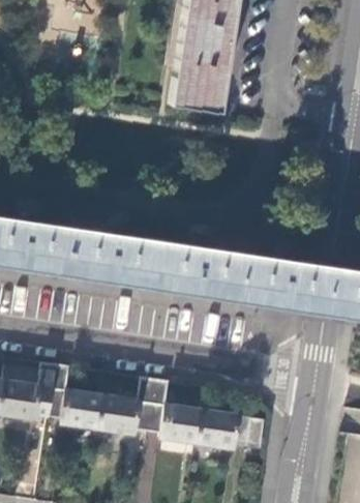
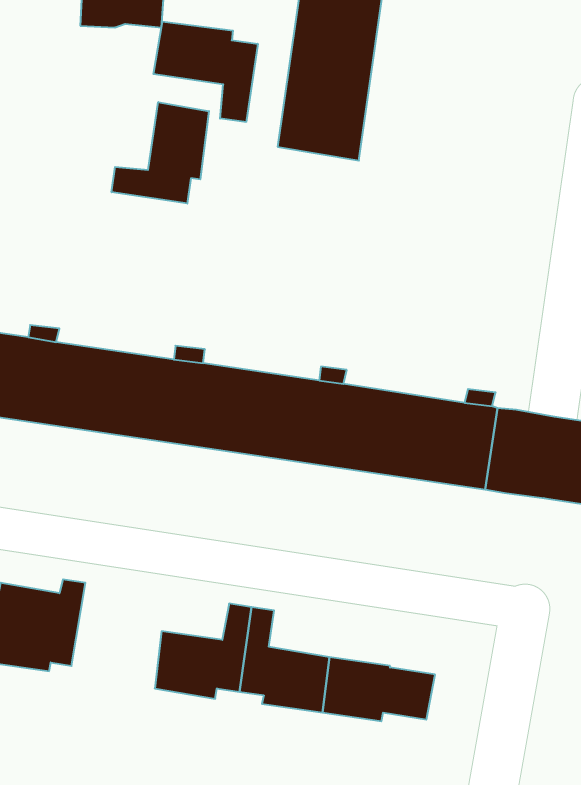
building: none -> [153,22,258,122]
building: none -> [112,102,209,204]
building: [51,366,104,430] -> none

